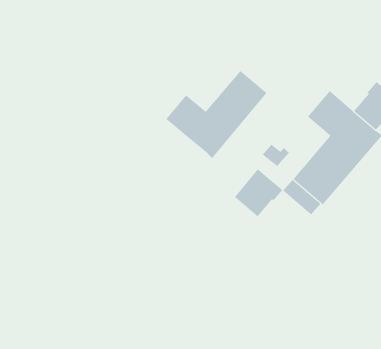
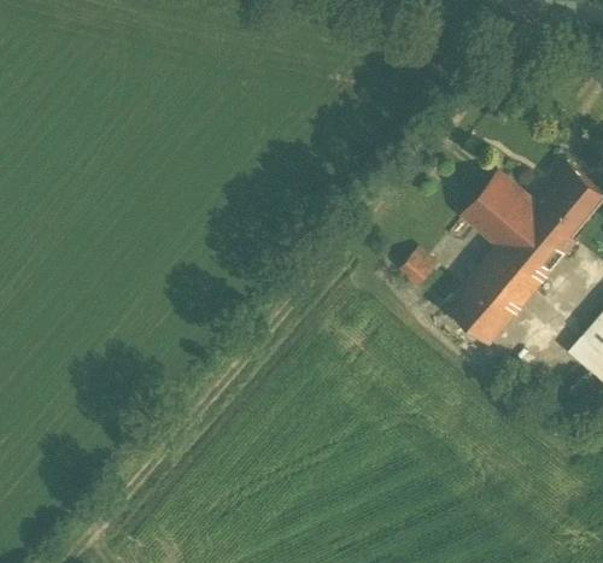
building: [165,70,268,159] -> none
building: [234,169,283,217] -> none

